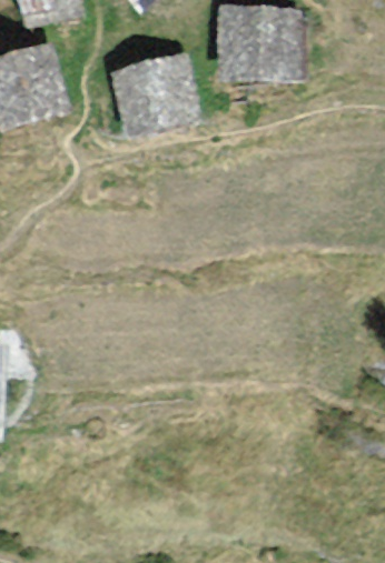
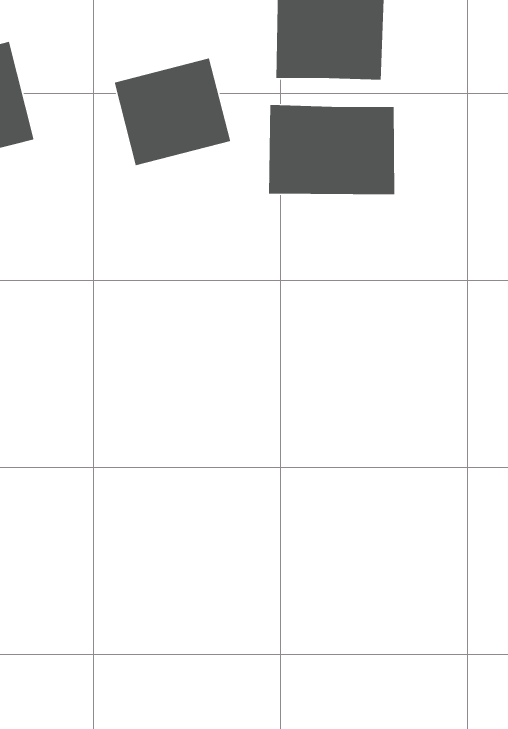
building: none -> [268,104,395,195]

